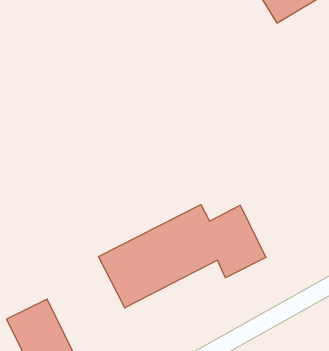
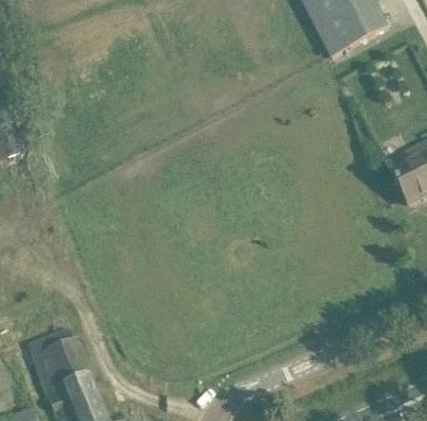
building: [99,205,266,308] -> none

